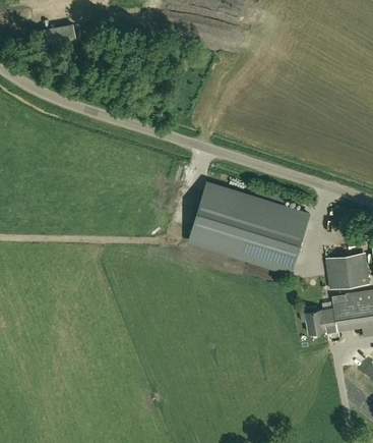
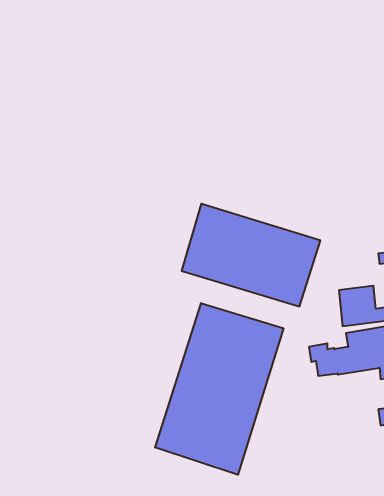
building: [39,23,76,48] -> none
building: none -> [155,303,283,475]

